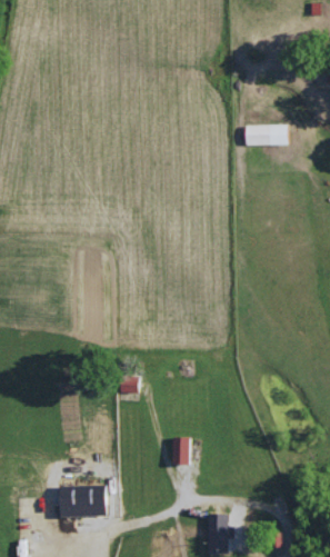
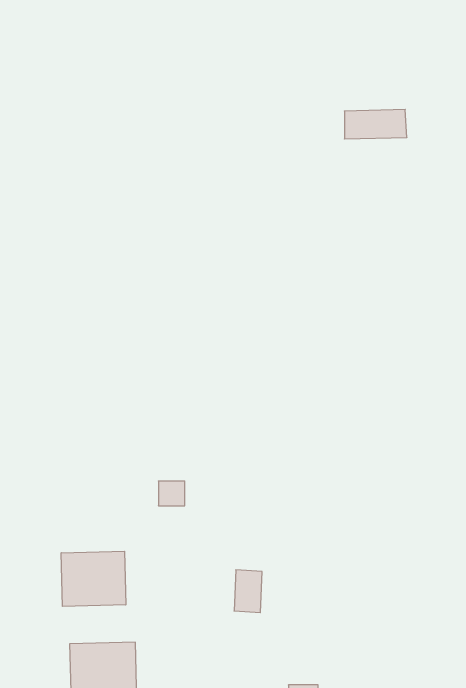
building: none -> [61,551,126,606]

